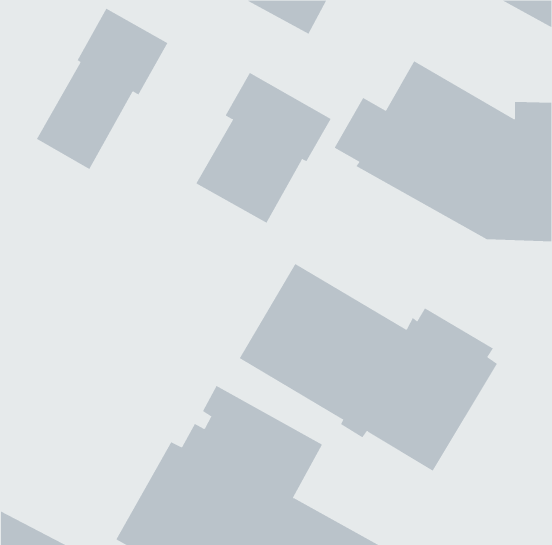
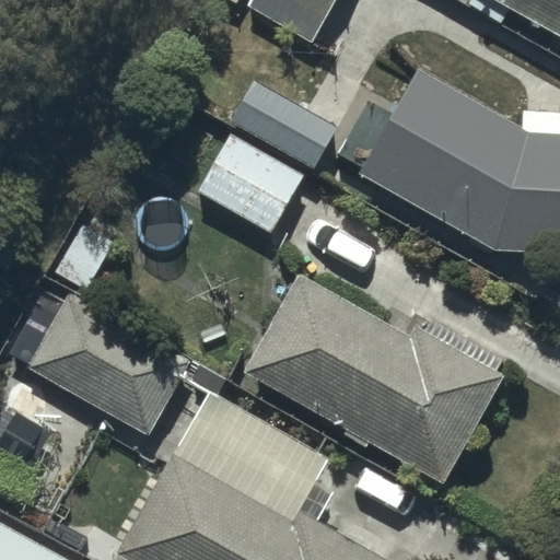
building: [36,8,168,170] -> none
building: none -> [27,295,188,435]

